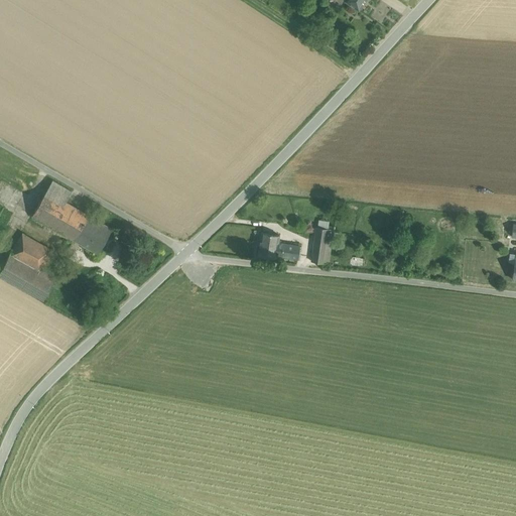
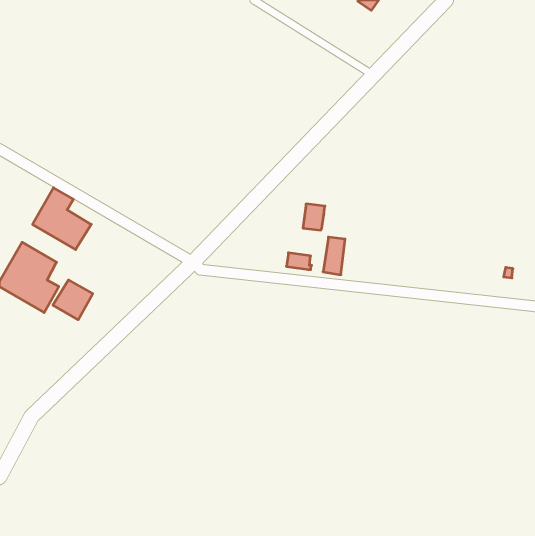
building: [73,216,111,254] -> [53,280,93,320]
building: [257,233,278,258] -> [303,204,325,230]

